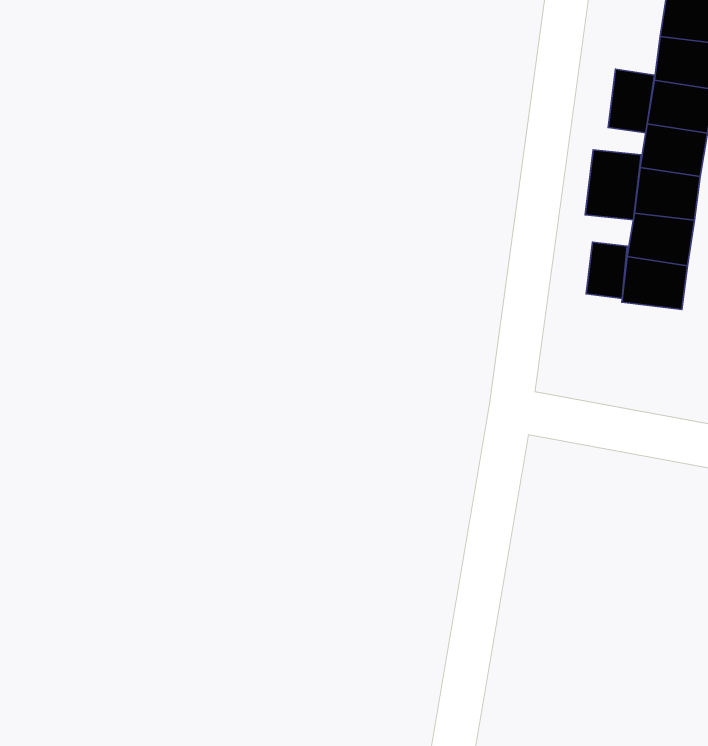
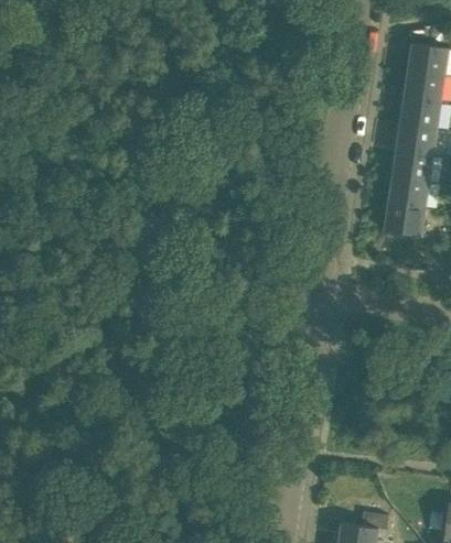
building: [608,69,655,133] -> none
building: [585,150,641,220] -> none
building: [586,242,627,298] -> none

